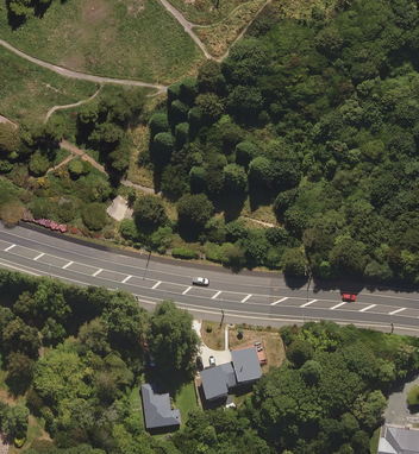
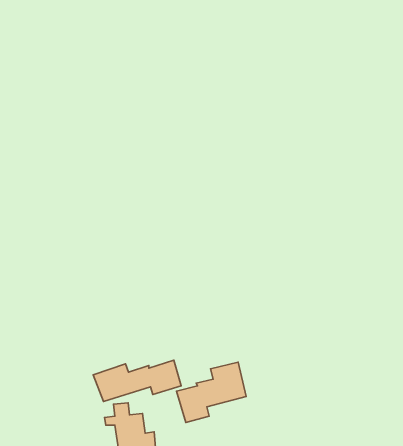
building: none -> [93,360,181,401]

